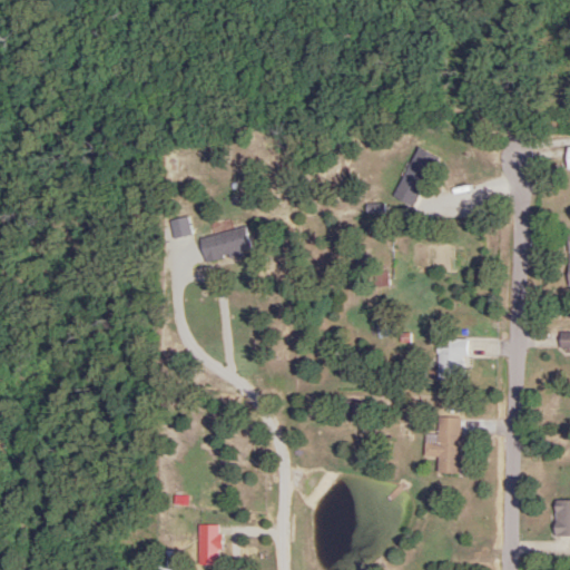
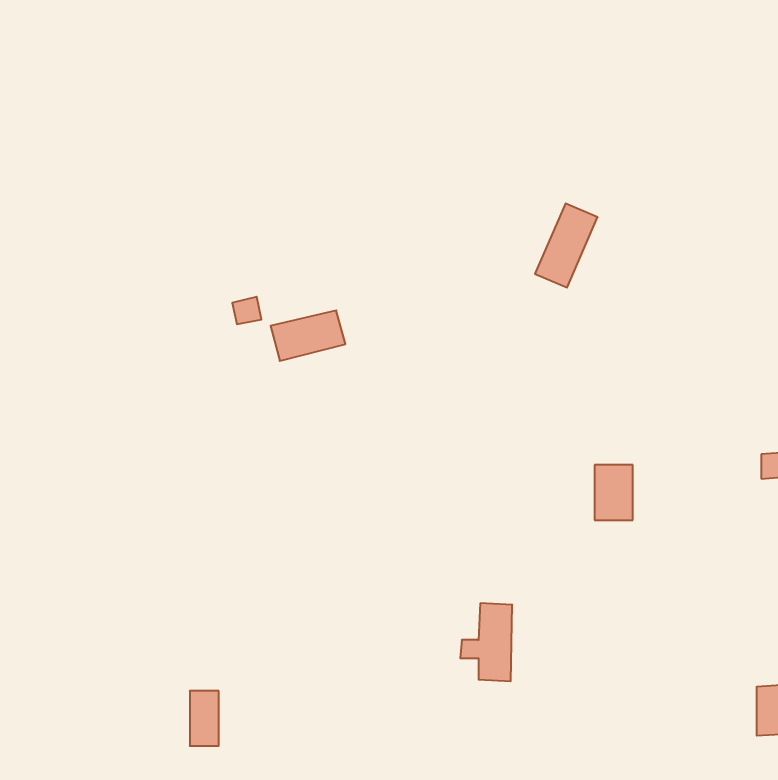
building: [422,415,460,472] -> [460,603,512,681]
building: [199,523,220,563] -> [190,691,219,746]

